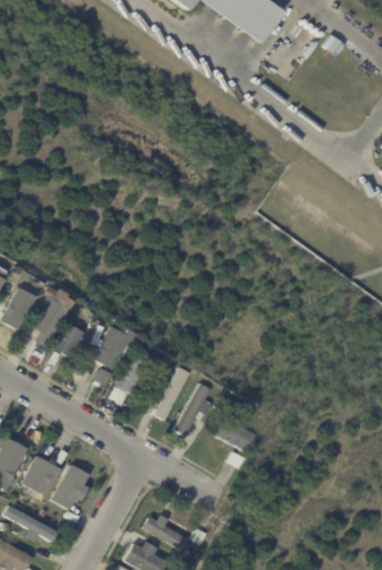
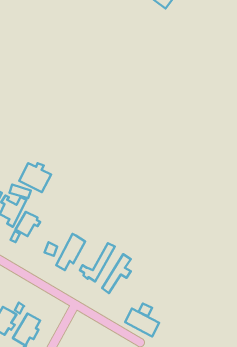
building: none -> [19,163,51,192]
building: [95,334,128,371] -> none
building: [211,415,259,454] -> [125,308,159,336]

